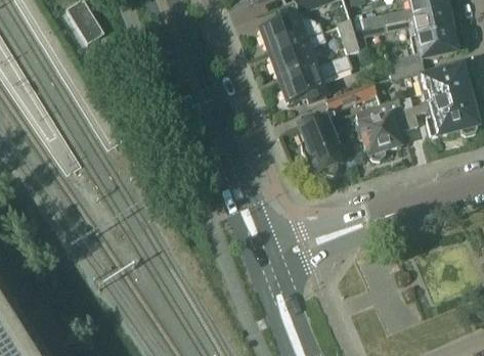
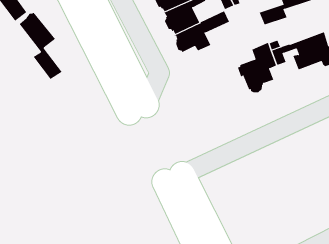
building: none -> [19,12,63,80]
building: [419,65,469,102] -> none
building: [300,81,378,174] -> none

